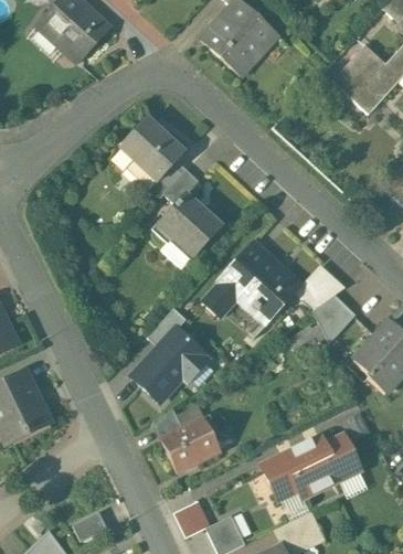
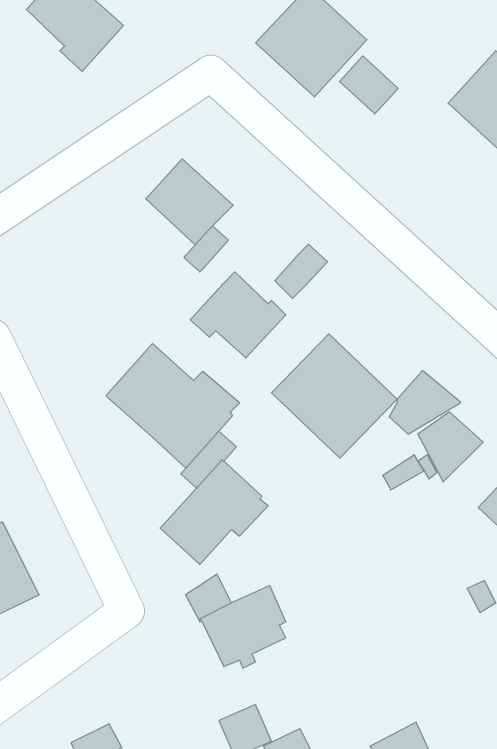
building: none -> [339,56,398,114]
building: [165,169,201,206] -> [275,244,327,298]
building: none -> [106,344,240,468]
building: [261,434,360,500] -> none

